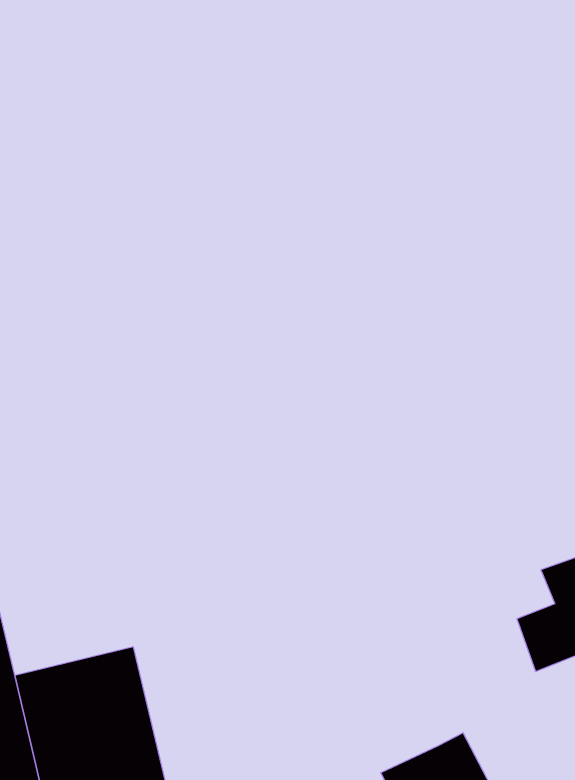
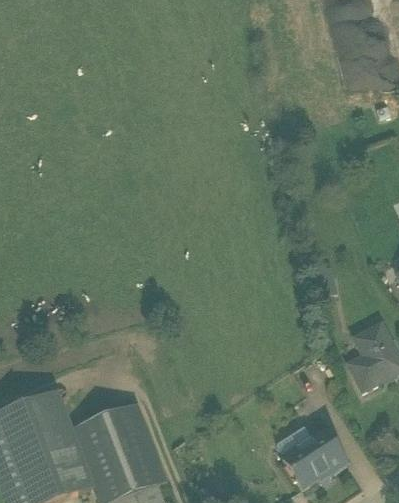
building: none -> [276,425,312,456]

